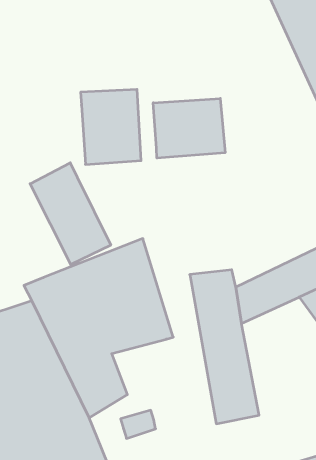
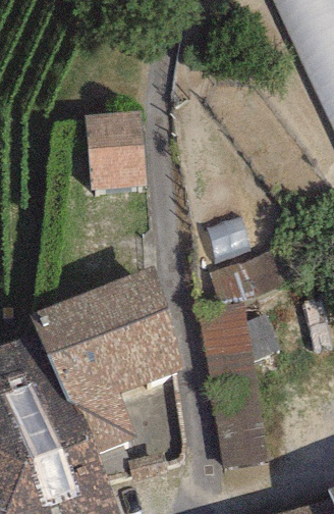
building: [153,98,225,158] -> none
building: [30,163,111,265] -> none

